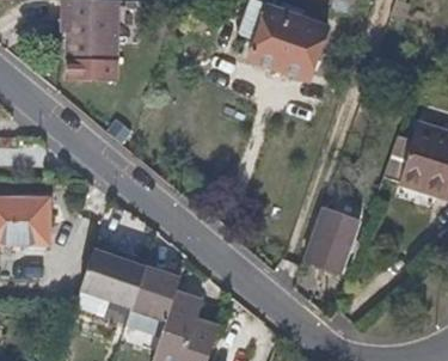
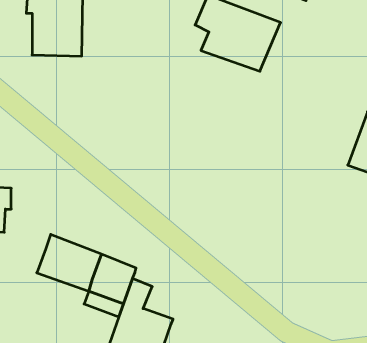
building: [302,208,360,273] -> none

